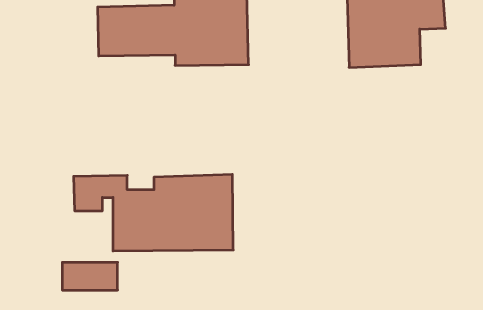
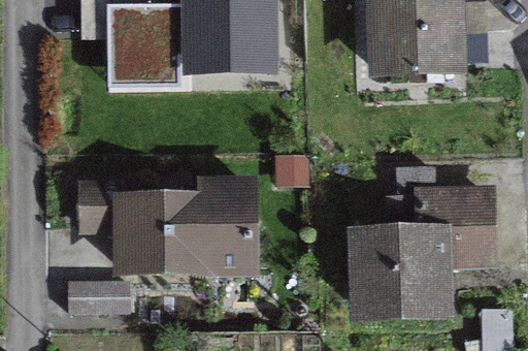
building: none -> [358,196,492,312]

